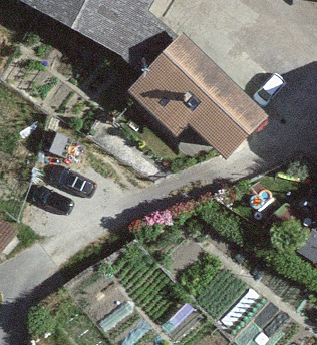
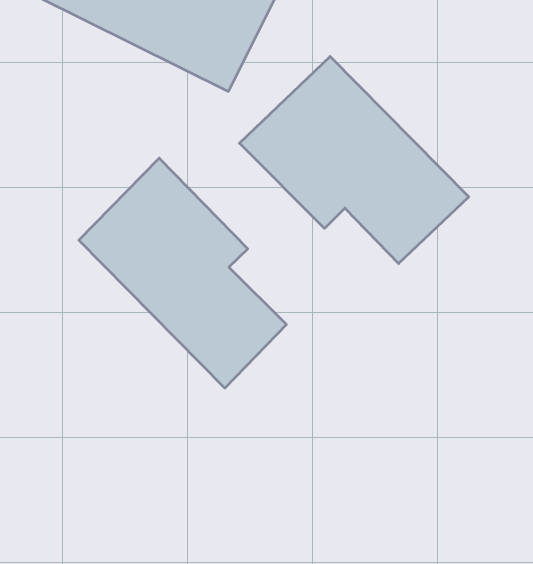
building: none -> [79,158,286,388]

